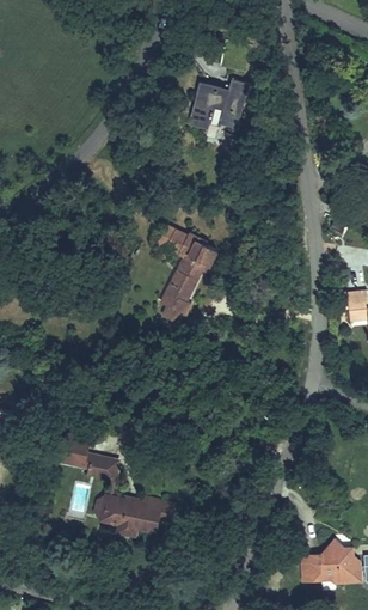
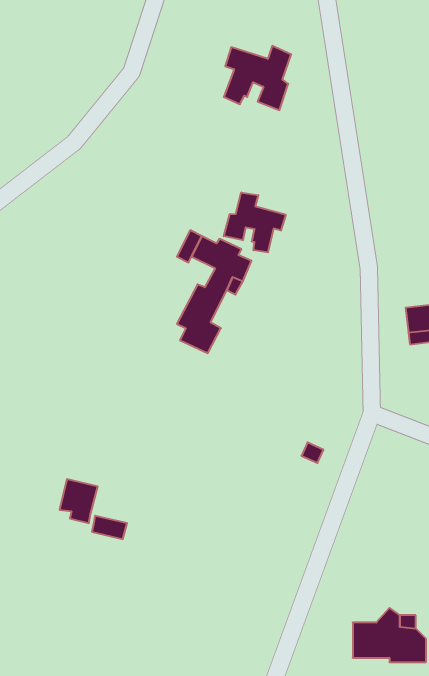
building: none -> [224,192,286,252]
building: [102,499,160,538] -> none

